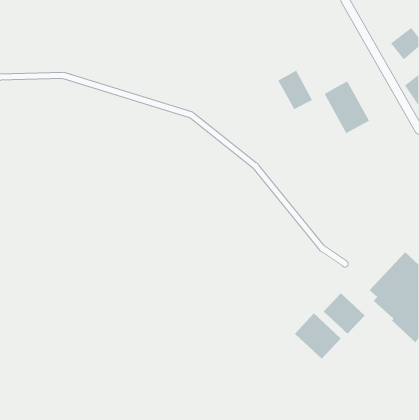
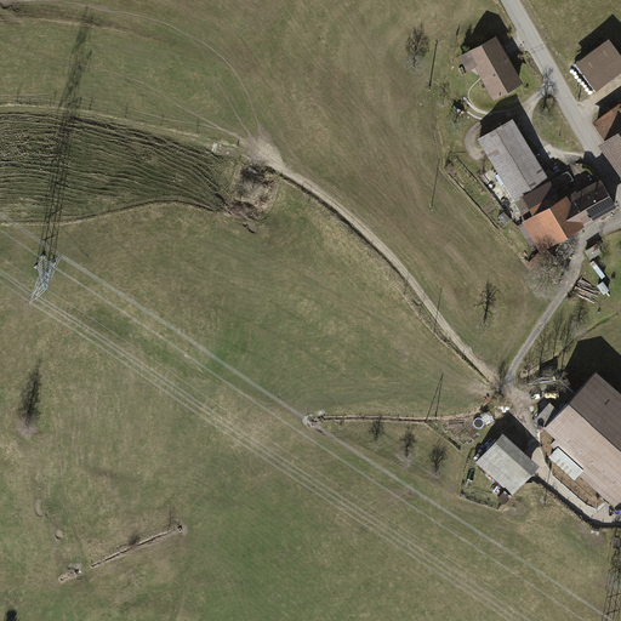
building: [277,70,313,110] -> [468,36,520,96]
building: none -> [513,173,614,255]
building: [294,313,342,360] -> none

